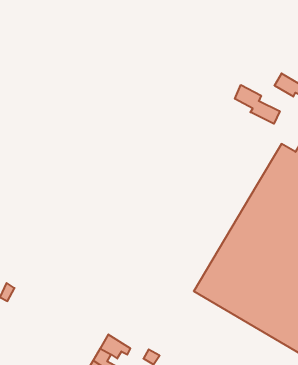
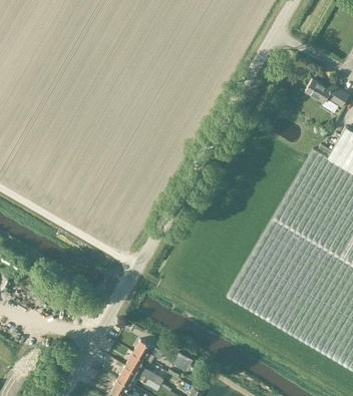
building: [235,85,280,124] -> none

